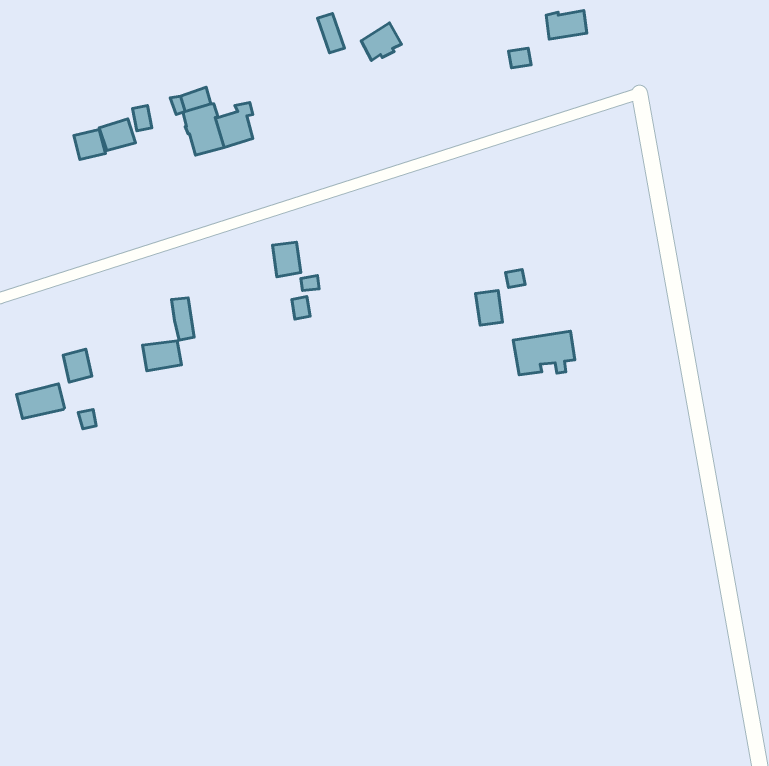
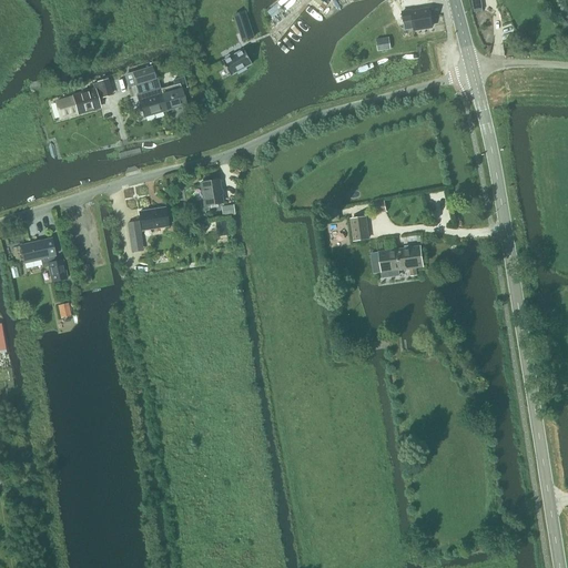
building: [361,23,402,61] -> [223,47,253,74]
building: [142,341,182,371] -> [140,206,169,229]
building: [16,384,65,418] -> [20,236,55,262]

